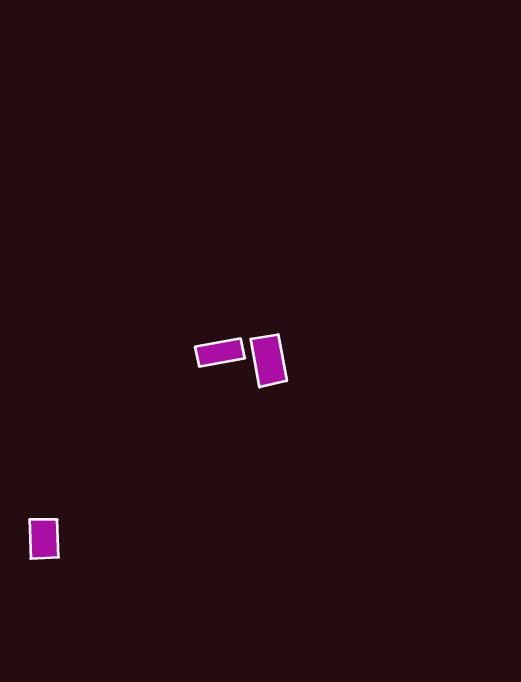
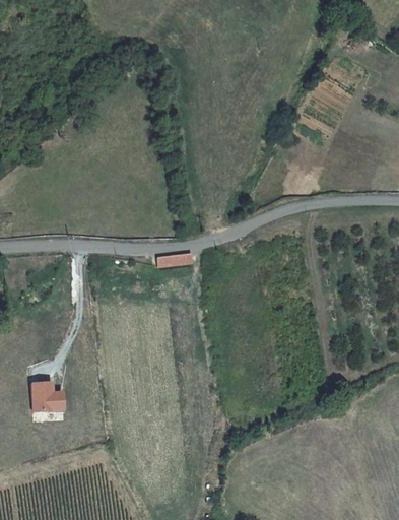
building: [251,334,287,387] -> none

